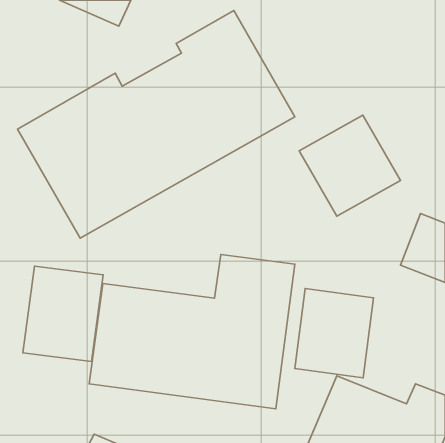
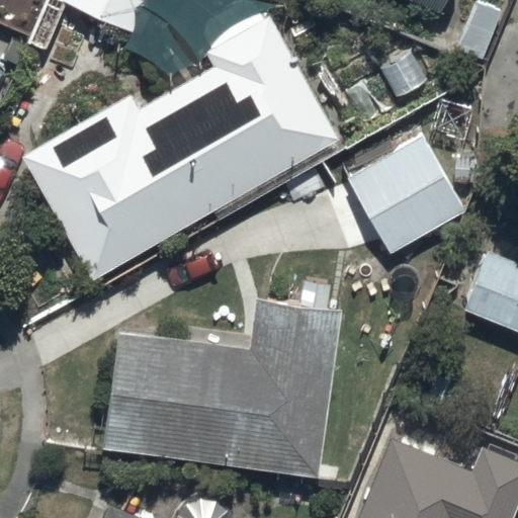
building: [23,266,103,361] -> none
building: [295,289,374,378] -> none

